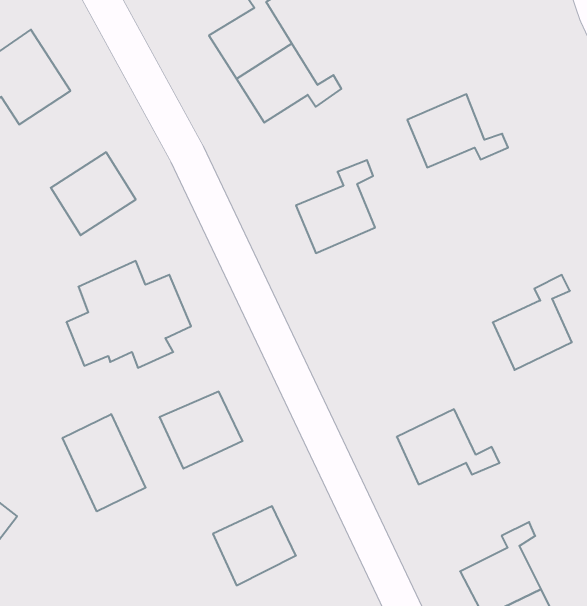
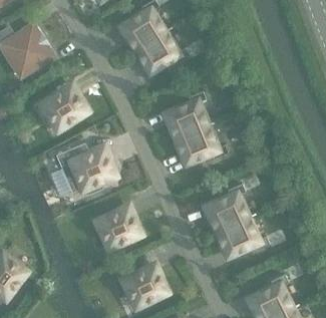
building: [407,94,508,167] -> [173,123,224,161]
building: [493,275,572,370] -> [203,182,243,230]
building: [63,414,146,511] -> none

